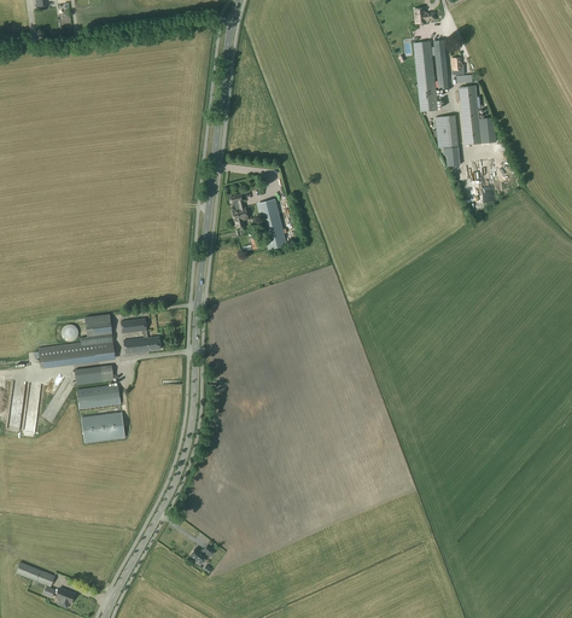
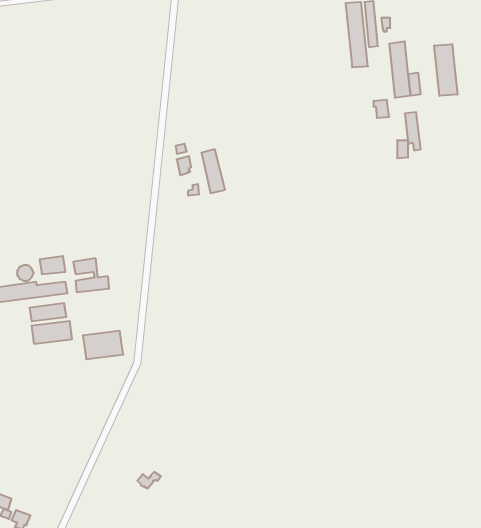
building: none -> [434,44,457,96]
building: [436,116,456,147] -> none
building: [82,412,126,442] -> [83,331,123,359]

